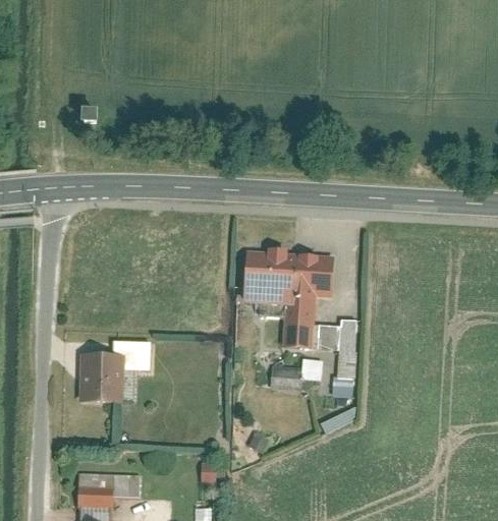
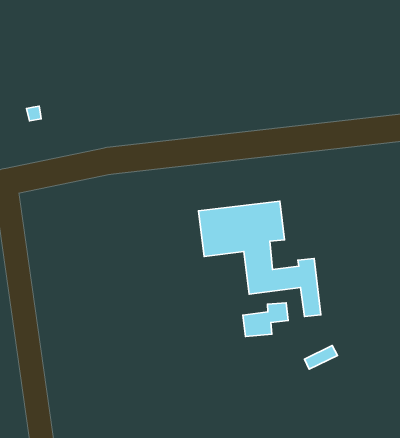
building: [79,341,149,402] -> none

